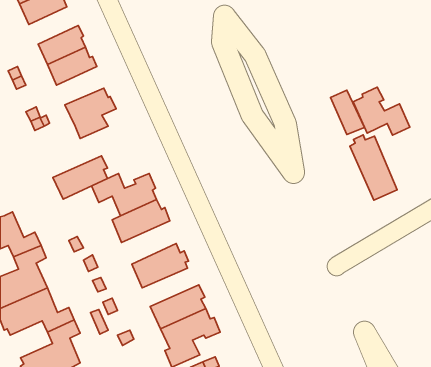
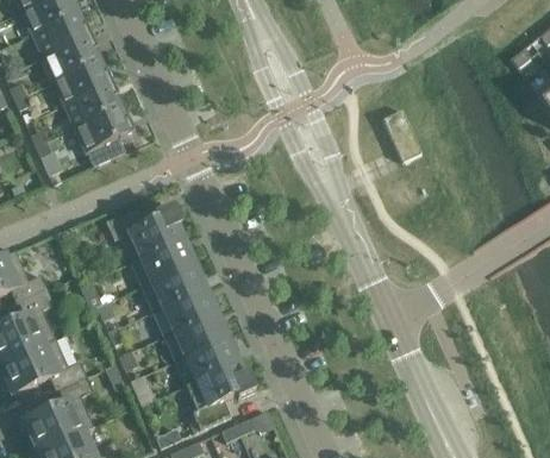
building: none -> [33,13,90,56]
building: none -> [65,82,120,126]
building: [353,87,410,135] -> none
building: [350,135,397,200] -> none
building: [53,156,108,199] -> [140,261,204,310]
building: none -> [164,315,230,359]

